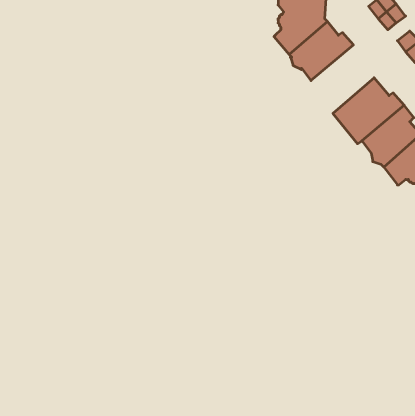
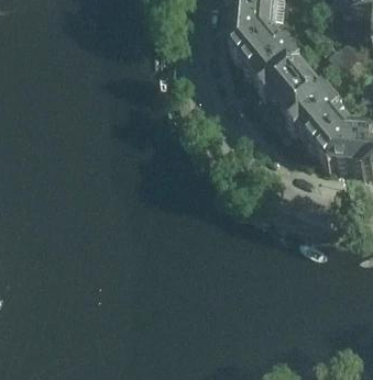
building: none -> [255,49,308,104]

